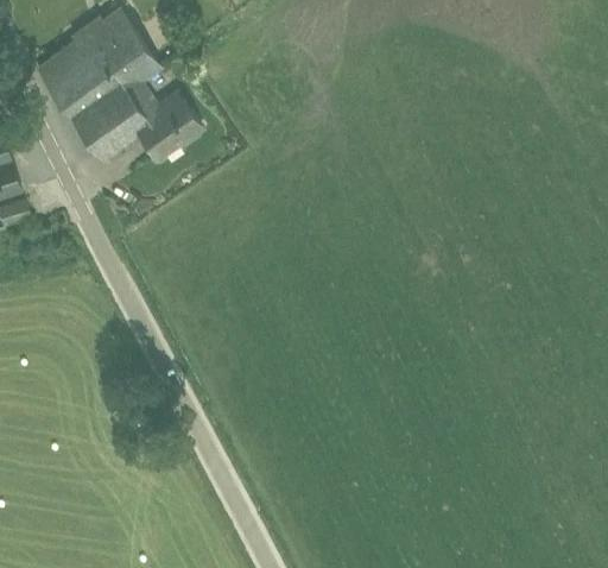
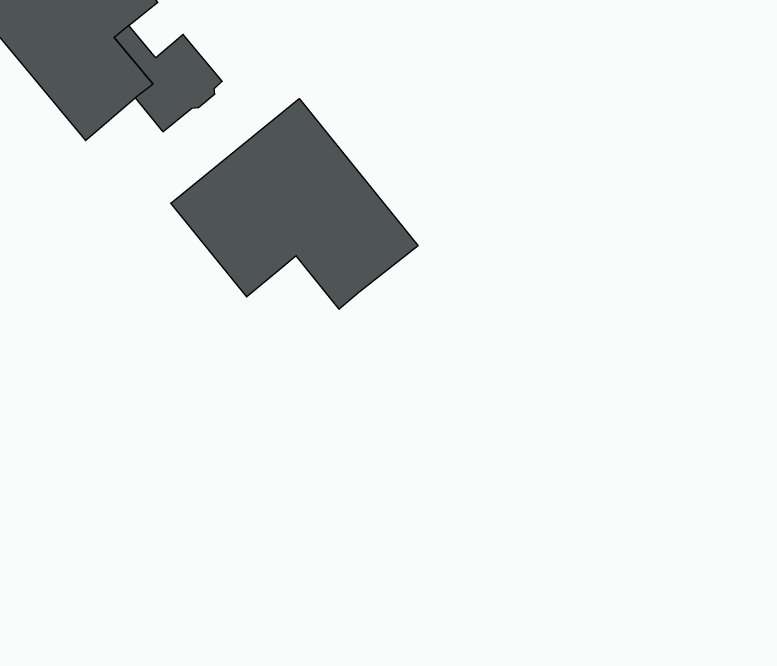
building: none -> [171,99,418,309]

